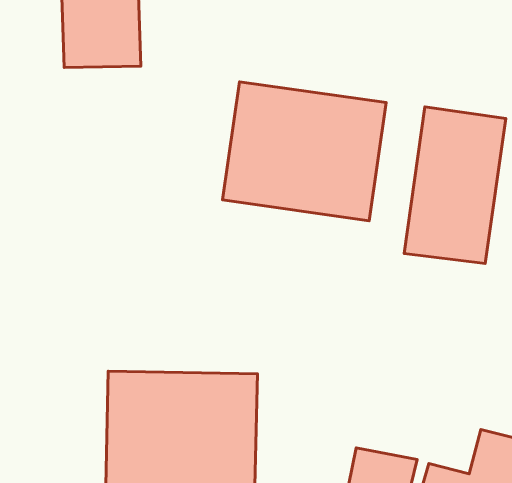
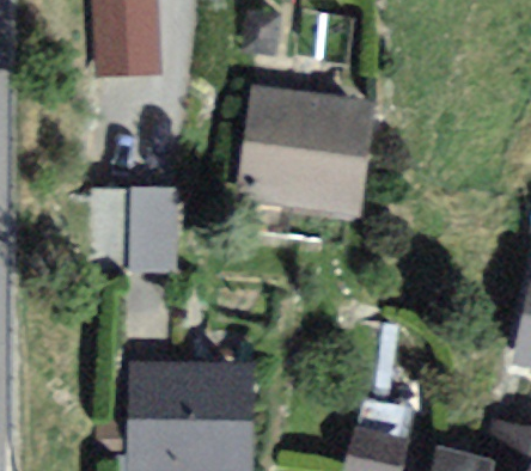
building: [404,107,506,264] -> none
building: none -> [80,190,178,271]

